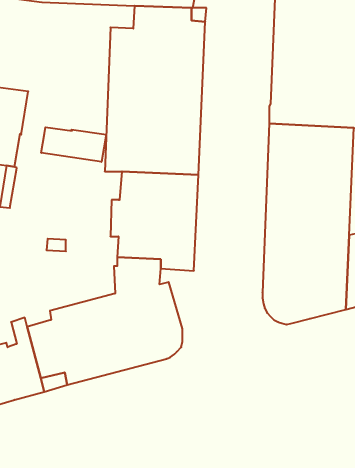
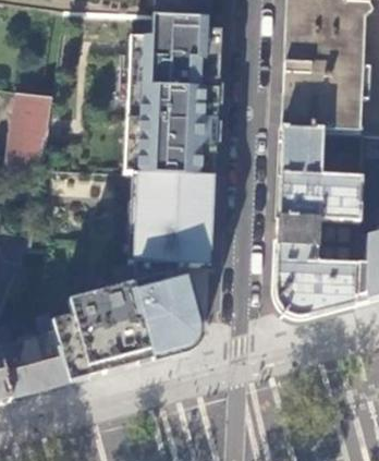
building: [41,127,106,162] -> none

